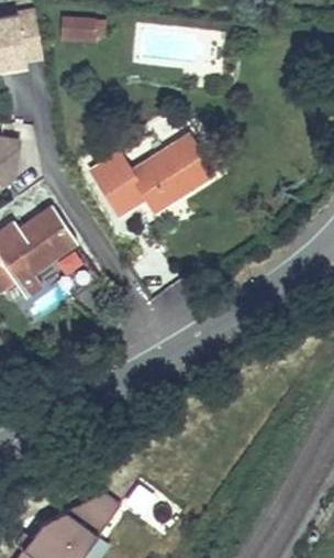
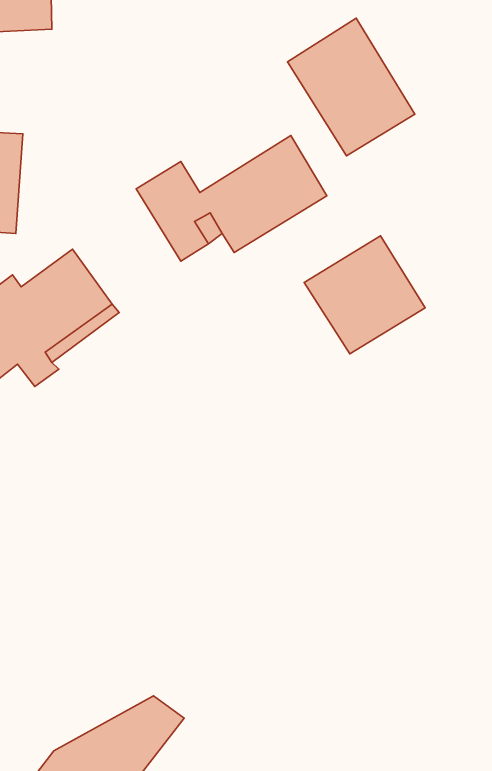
building: none -> [287,18,415,156]
building: none -> [304,236,425,354]

